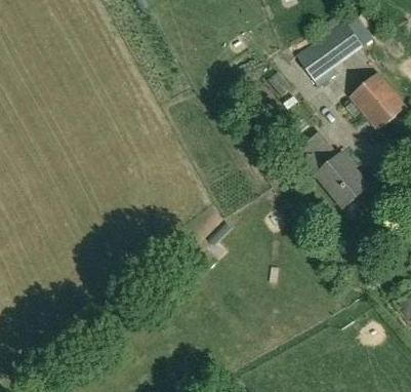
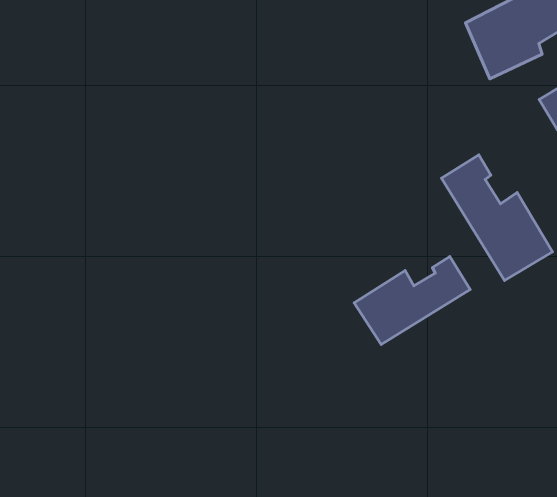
building: none -> [354,256,470,345]

